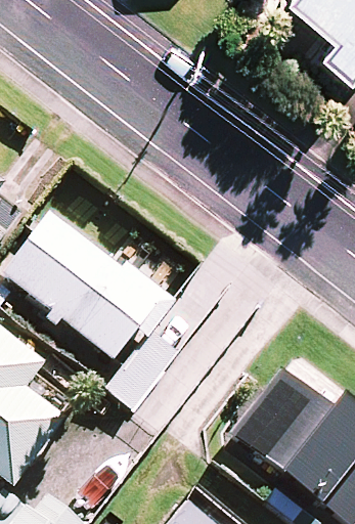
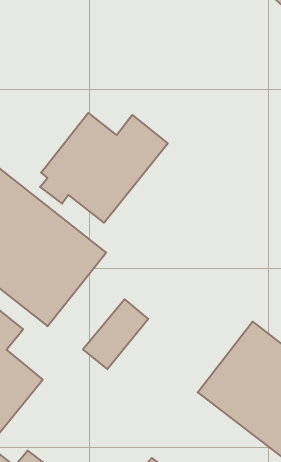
building: none -> [40,113,168,223]

